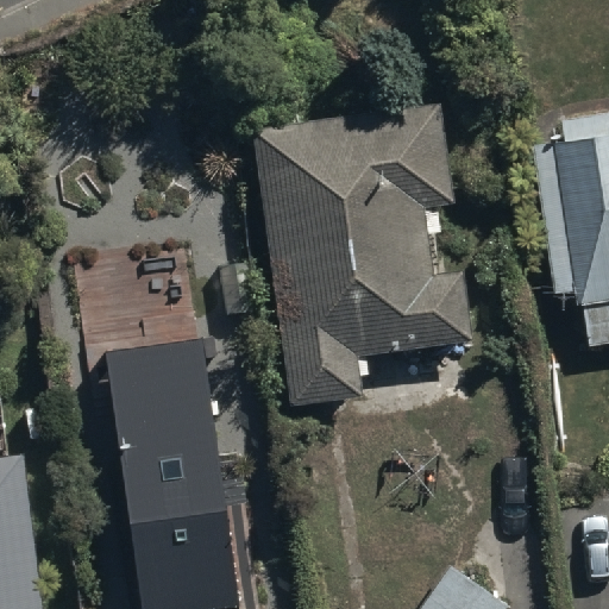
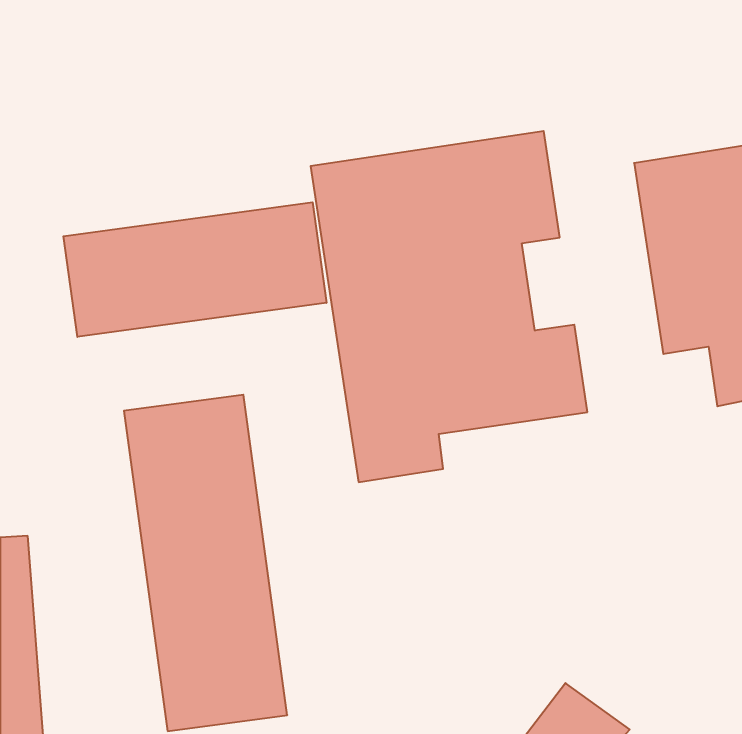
building: none -> [63,202,326,337]

